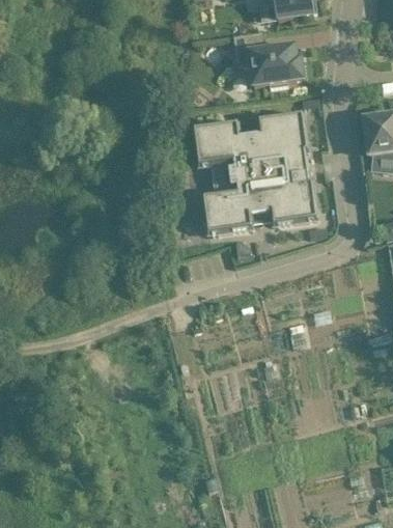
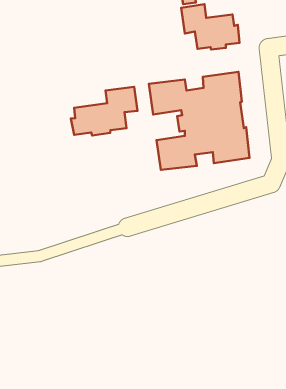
building: none -> [71,87,138,135]

